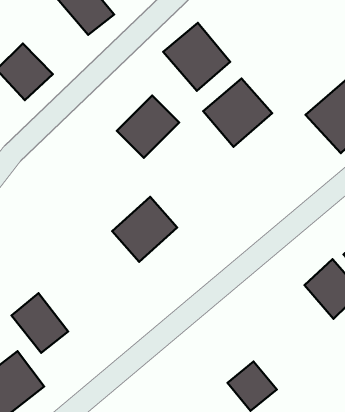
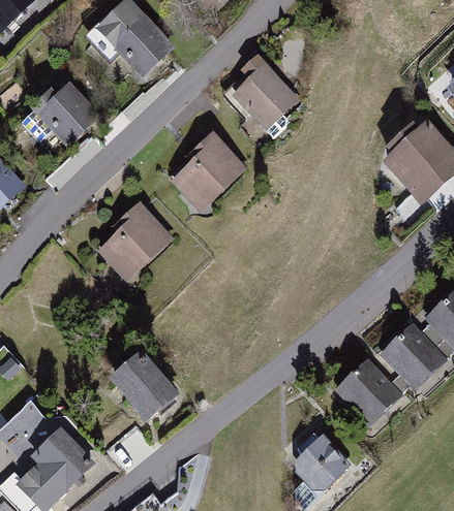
building: [203,79,272,147] -> none
building: [112,197,177,262] -> [98,207,171,280]
building: [11,293,68,353] -> [111,353,174,419]
building: none -> [340,361,398,419]

